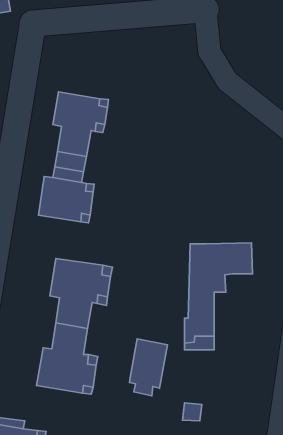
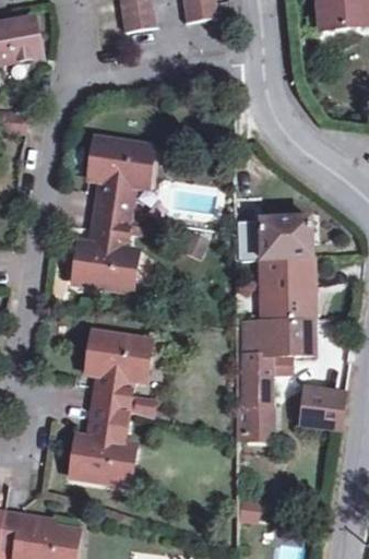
building: none -> [259,214,313,317]
building: none -> [300,384,344,427]
building: [130,339,167,396] -> none

